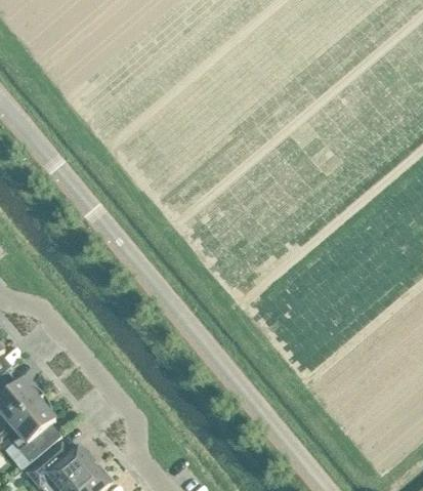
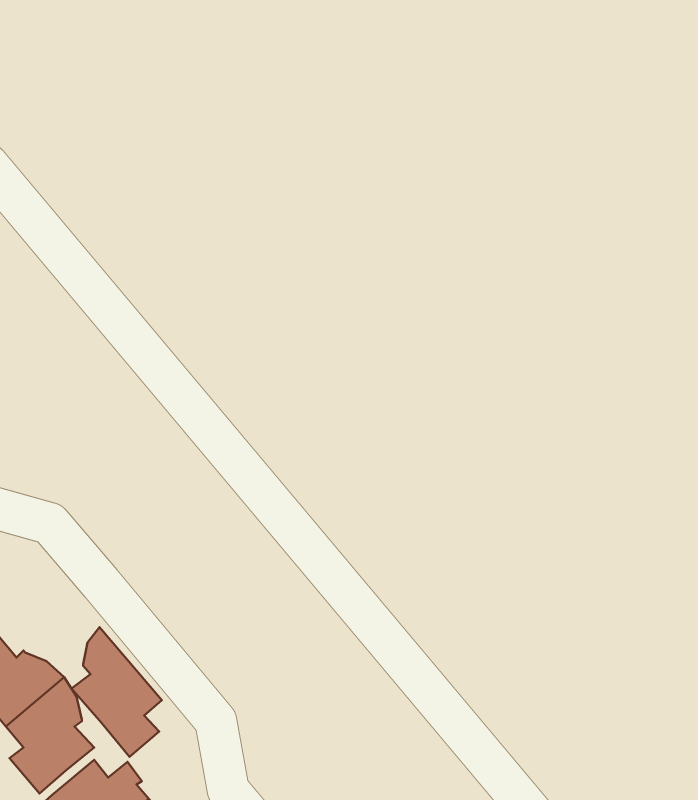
building: none -> [71,627,162,757]

